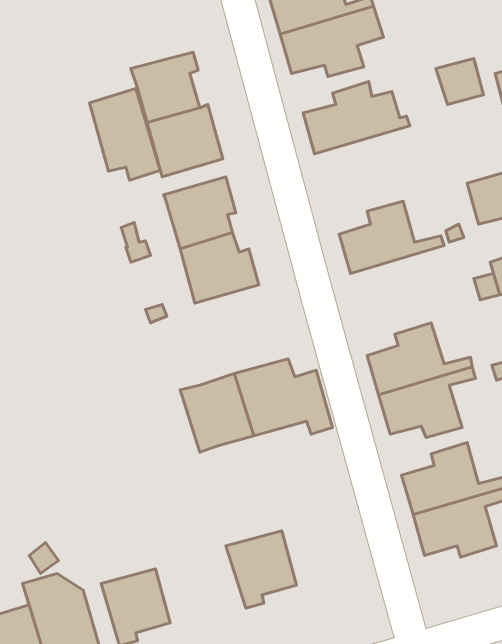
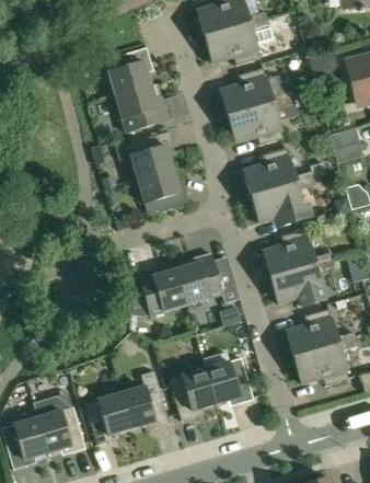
building: [90,88,160,180] -> none
building: none -> [227,96,291,143]
building: none -> [251,176,314,223]
building: none -> [205,357,253,403]
building: none -> [120,370,169,428]

